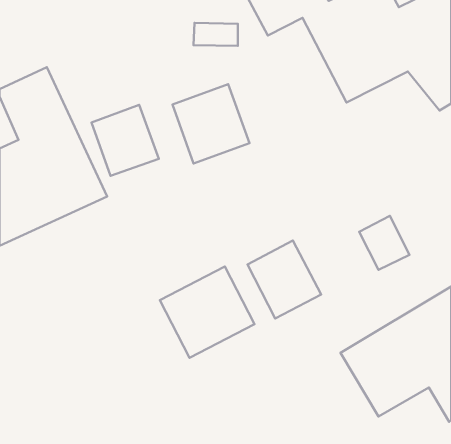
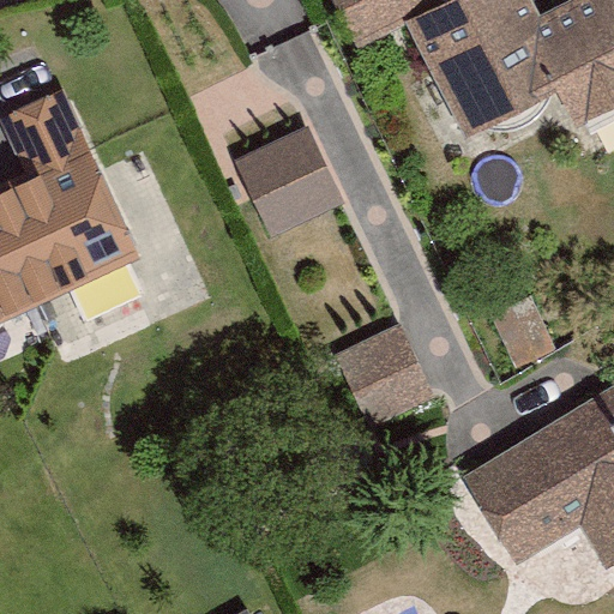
building: [92,105,159,176] -> none
building: [160,266,254,358] -> none

